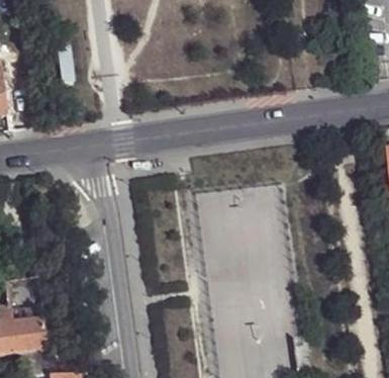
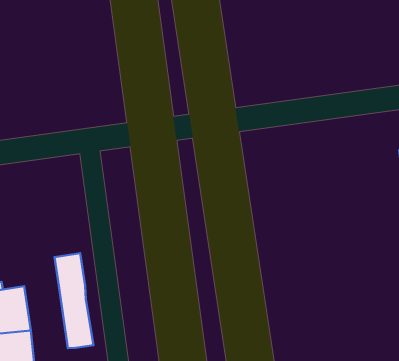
building: none -> [54,253,94,348]

